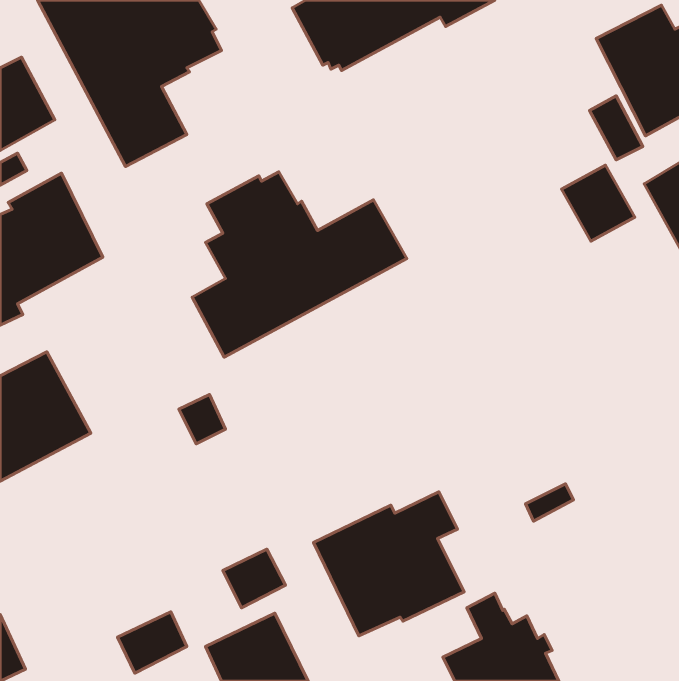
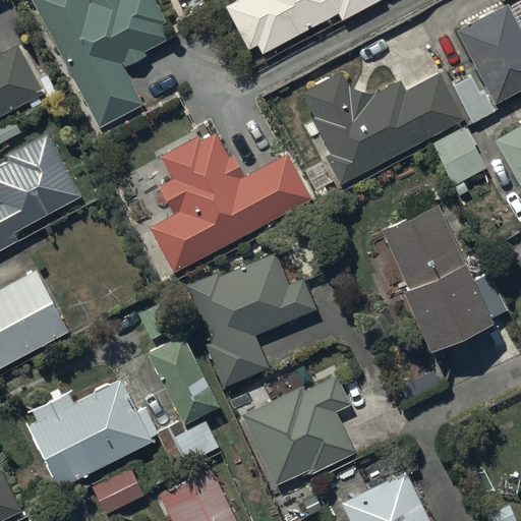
building: none -> [301,71,463,184]
building: none -> [382,204,508,351]
building: none -> [185,251,315,387]
building: none -> [144,334,220,424]
building: none -> [26,379,158,489]

